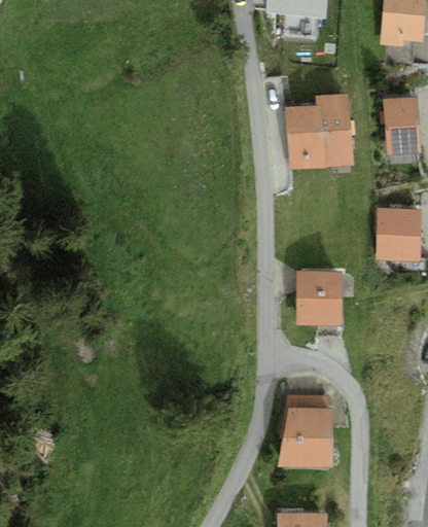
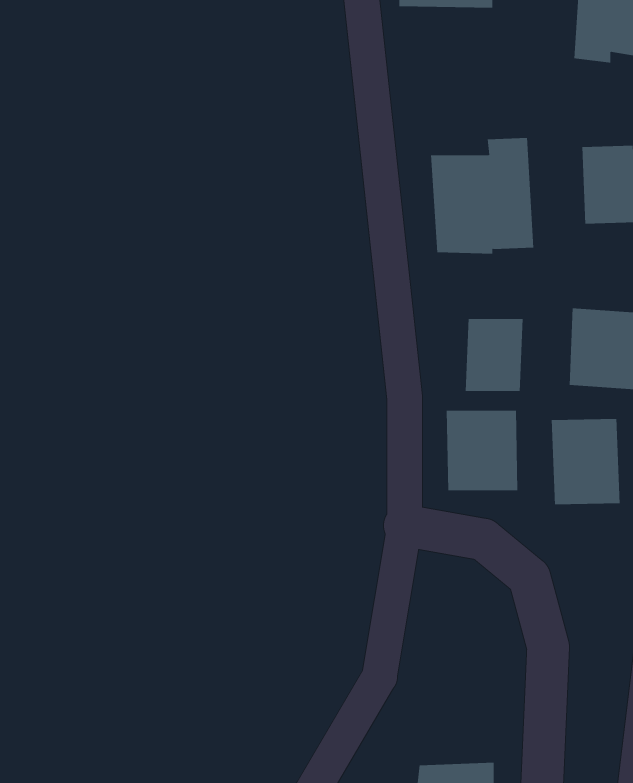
building: none -> [465,318,523,392]
building: none -> [551,418,620,505]
building: [278,398,334,459] -> none

